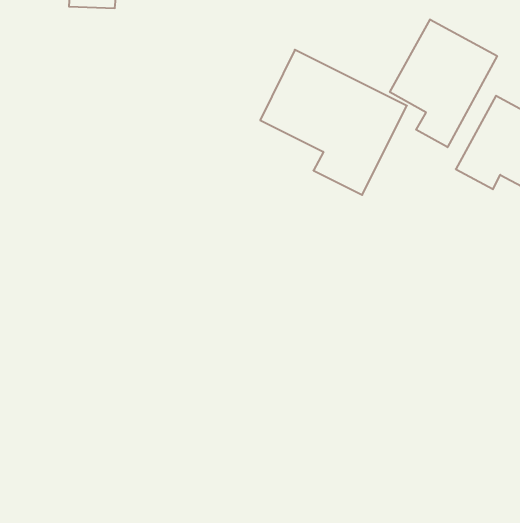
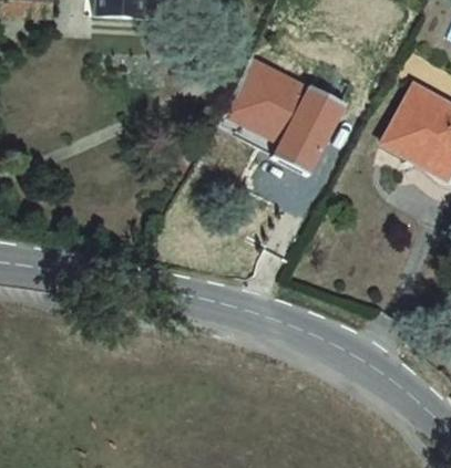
building: [390,19,497,147] -> none

